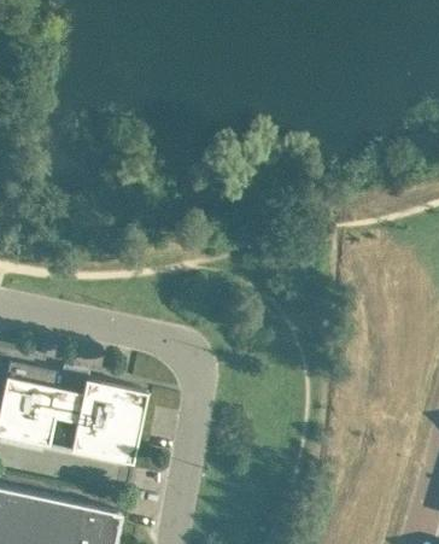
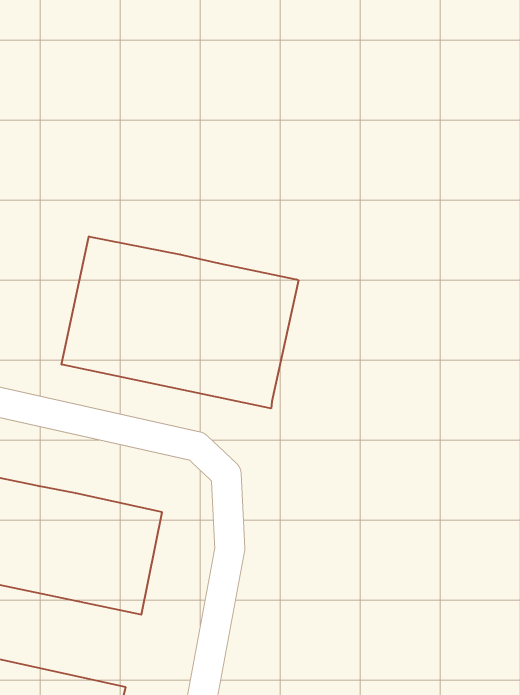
building: none -> [62,236,298,408]

